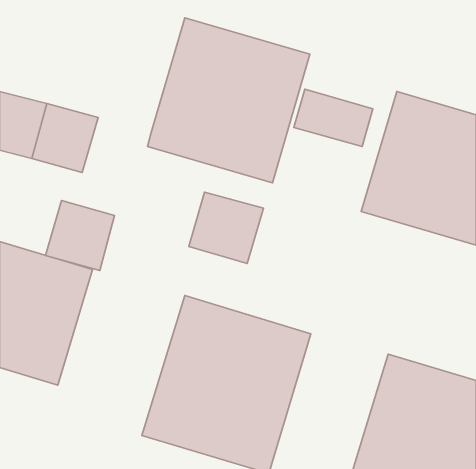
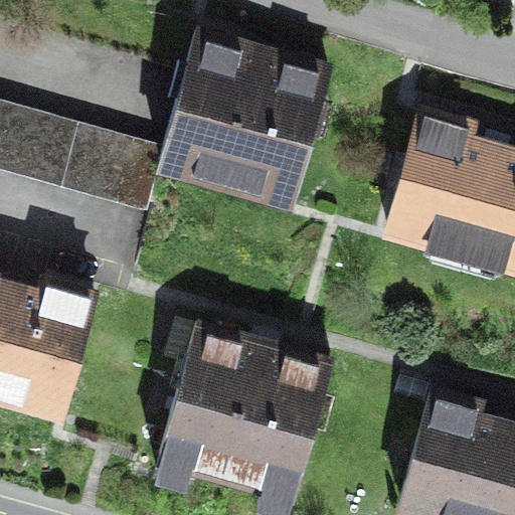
building: [294,89,373,147] -> none
building: [189,192,263,263] -> none
building: [46,200,115,270] -> [89,135,163,210]

